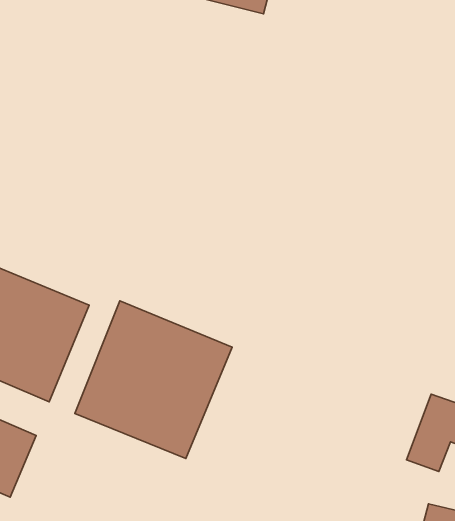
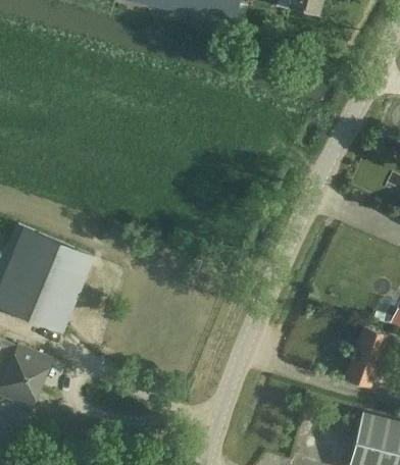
building: [75,301,232,459] -> none

